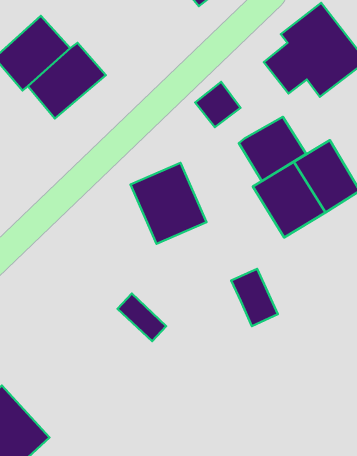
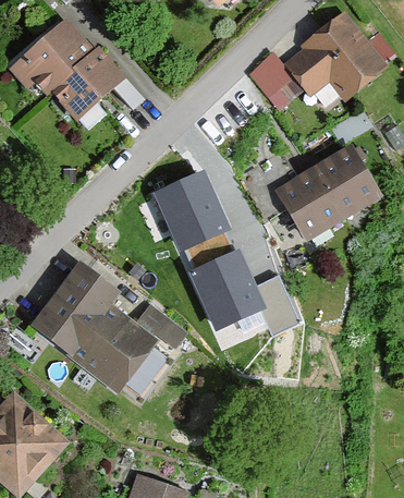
building: [195,82,241,127] -> [247,51,293,97]
building: [239,117,306,181] -> none
building: none -> [186,247,262,329]
building: none -> [28,258,159,393]

